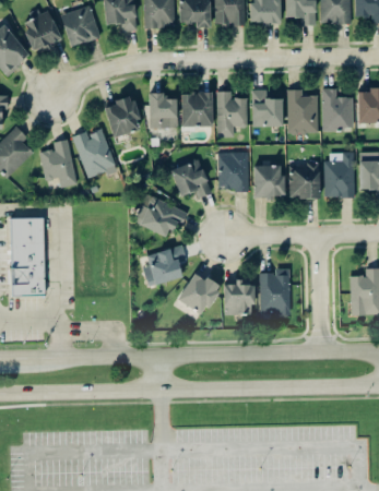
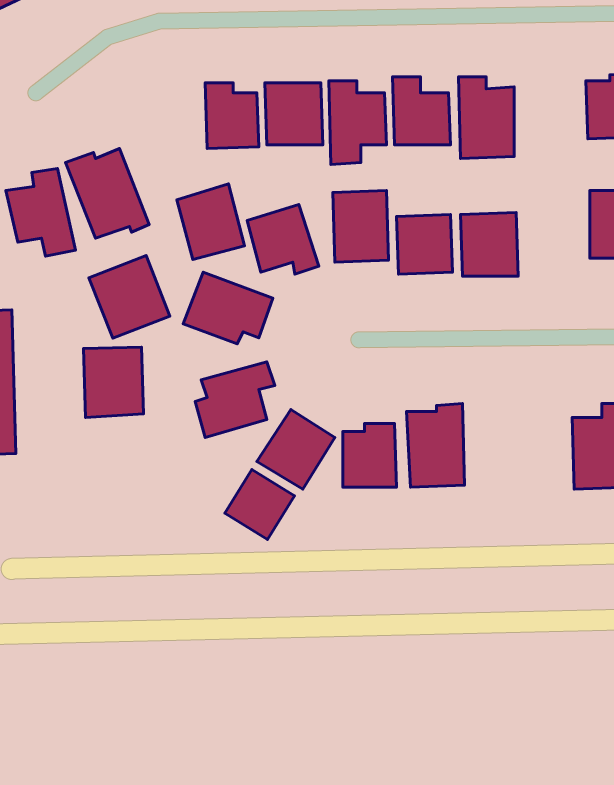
building: [322,88,353,130] -> none
building: [104,95,141,136] -> [177,184,245,260]
building: [324,152,355,197] -> none
building: none -> [89,256,170,338]
building: none -> [84,347,143,417]
building: none -> [225,469,294,540]

